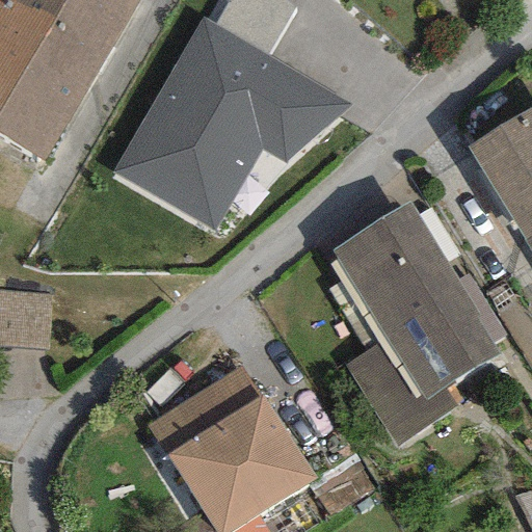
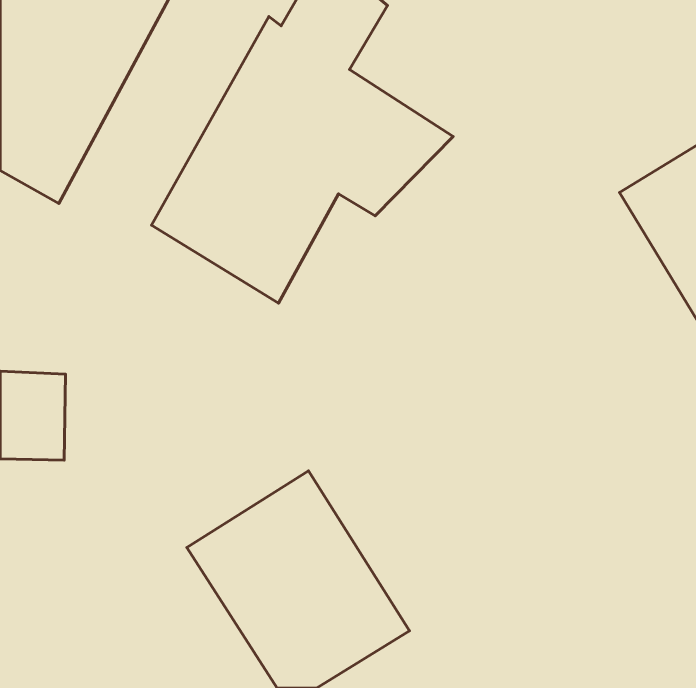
building: [325,202,500,446] -> none

